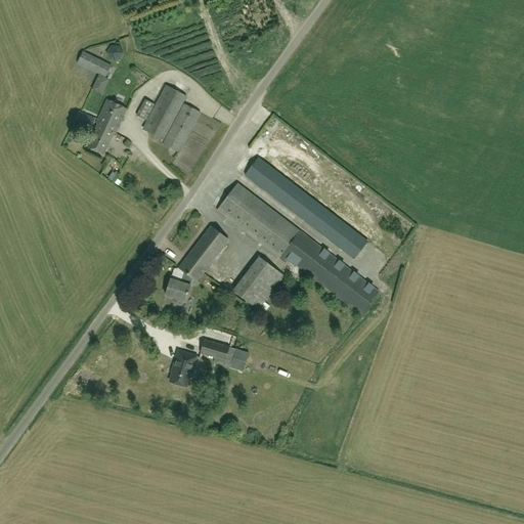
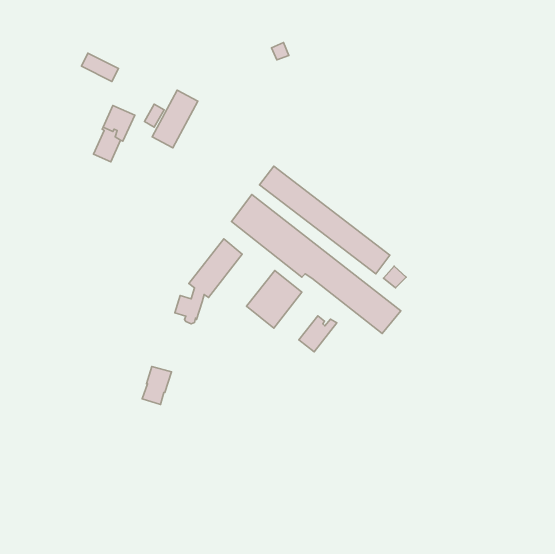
building: [164,103,200,151] -> none
building: none -> [299,316,337,352]
building: [201,339,234,366] -> none
building: [169,350,196,386] -> [142,366,171,404]

